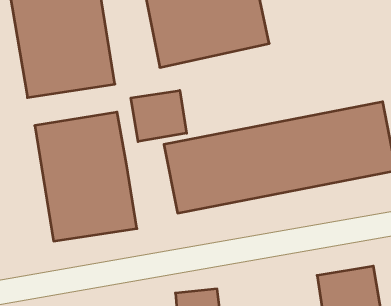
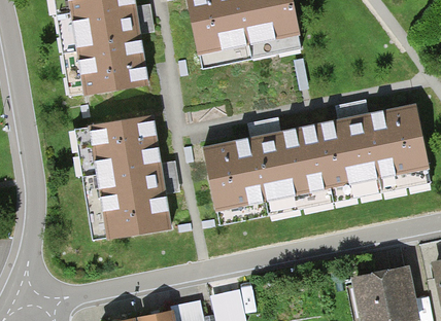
building: [131,90,187,142] -> none

